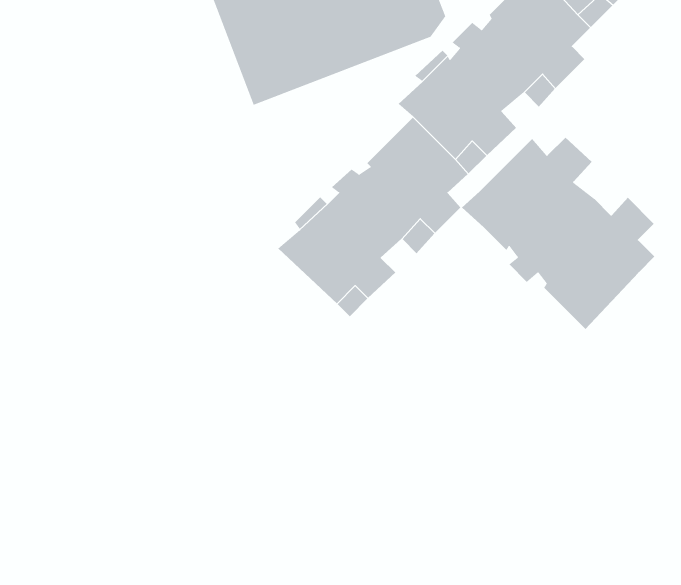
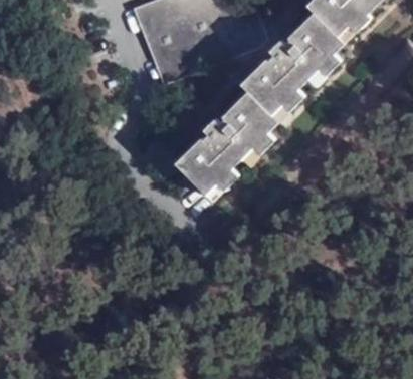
building: [461,137,655,330] -> none

